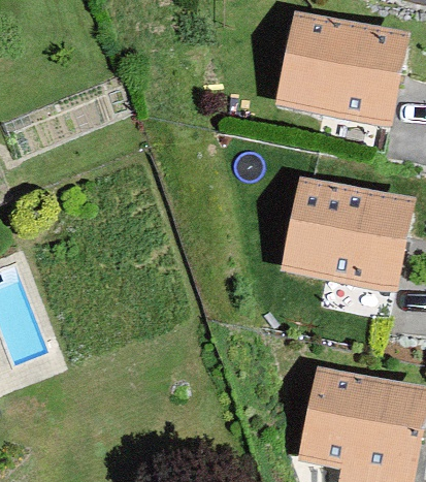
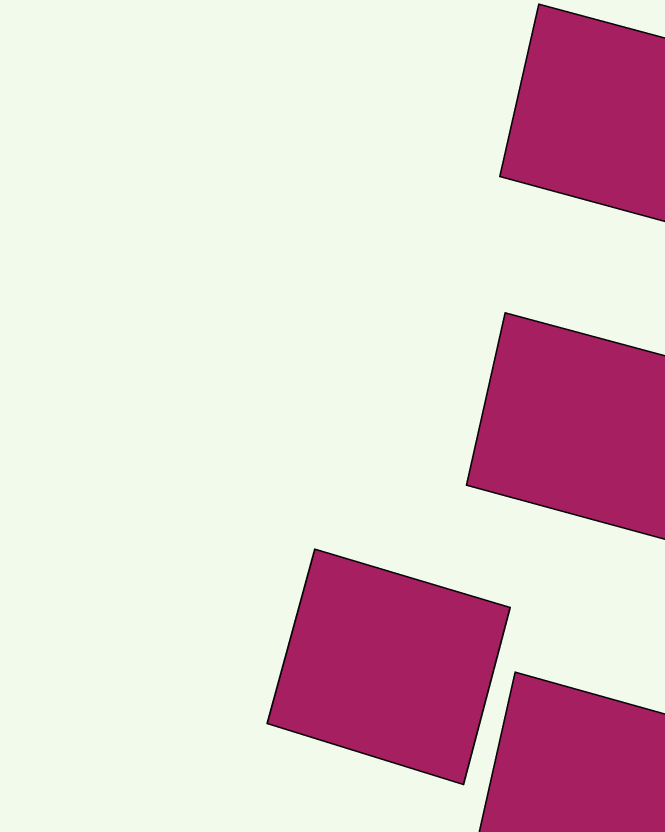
building: none -> [267,549,510,784]

